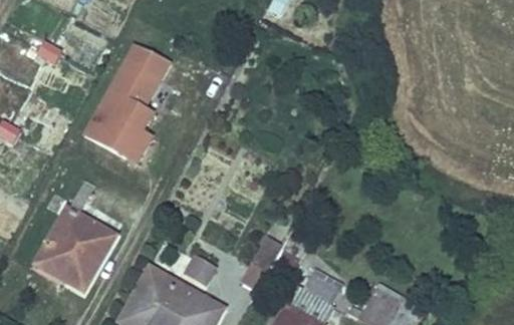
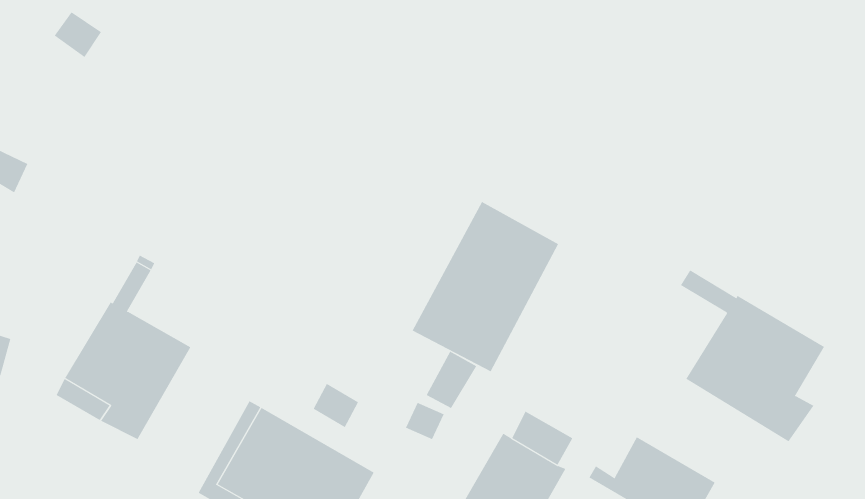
building: [82,37,172,164] -> none
building: none -> [412,201,559,372]
building: none -> [680,270,825,442]

